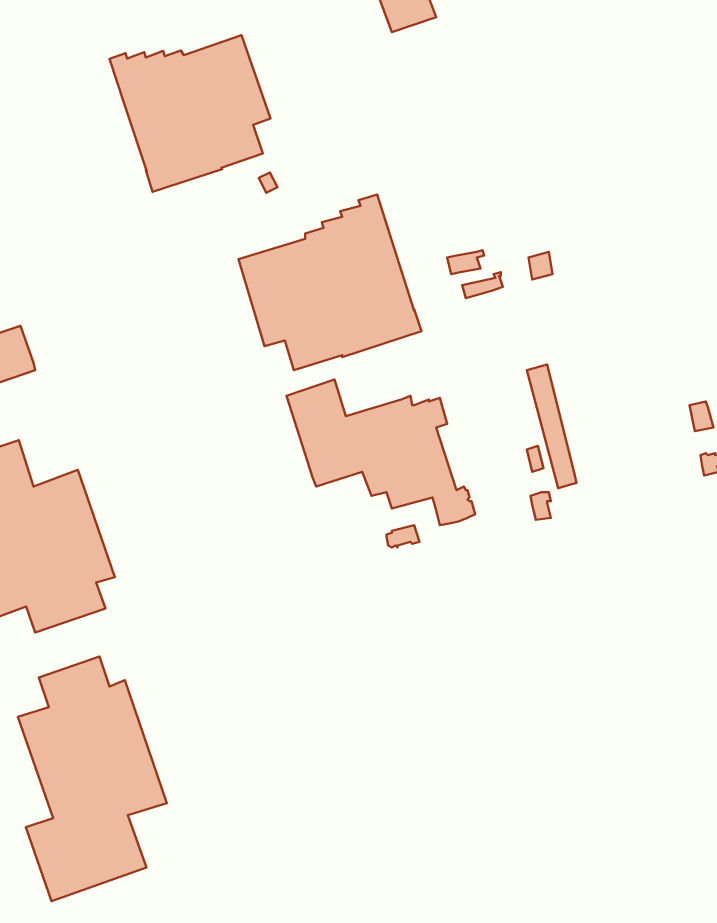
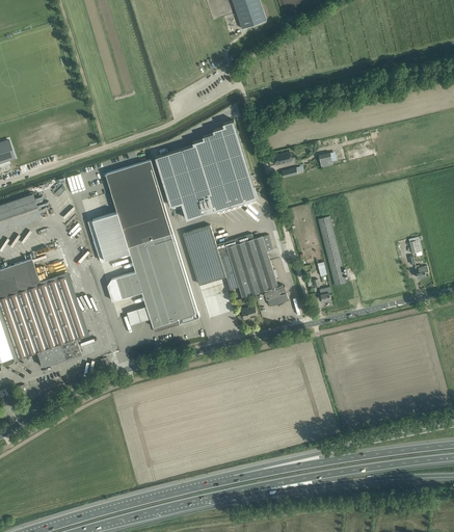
building: [109,35,270,192] -> none
building: none -> [90,160,197,331]
building: [18,657,167,901] -> none

